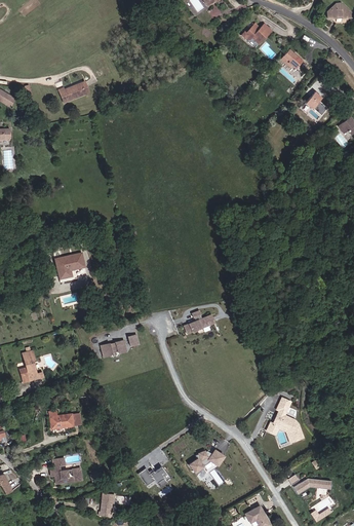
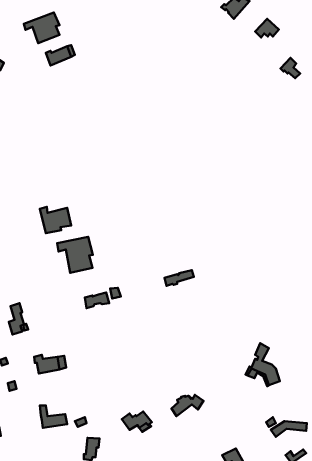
building: none -> [24,13,60,43]
building: none -> [57,237,93,273]

